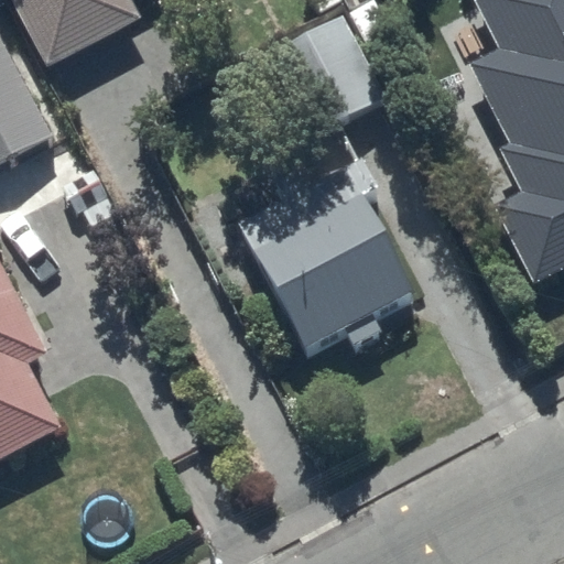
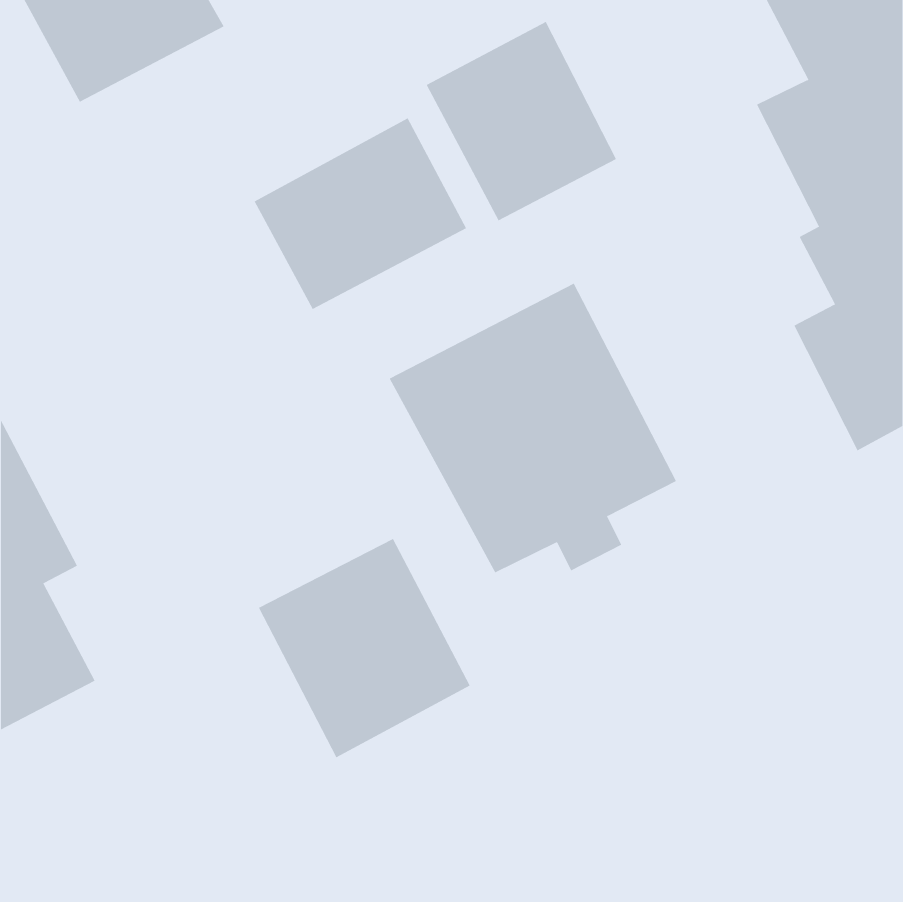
building: none -> [254,117,467,310]
building: none -> [258,538,470,758]

